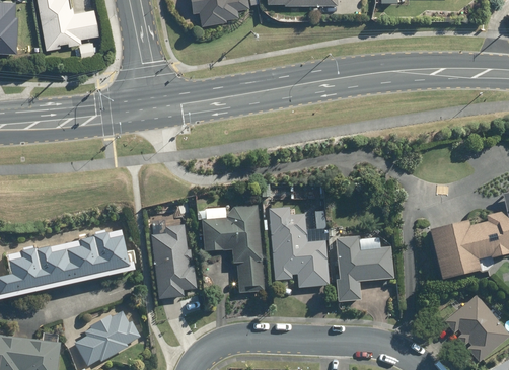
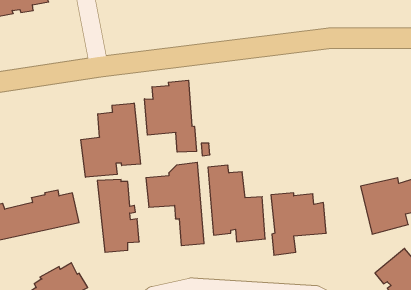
building: none -> [145,80,197,152]
building: none -> [81,103,141,177]

